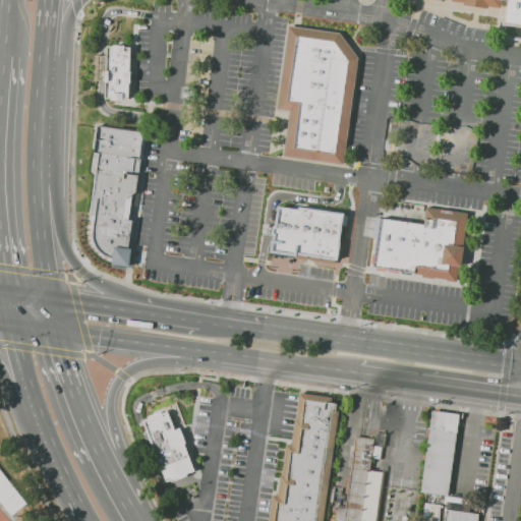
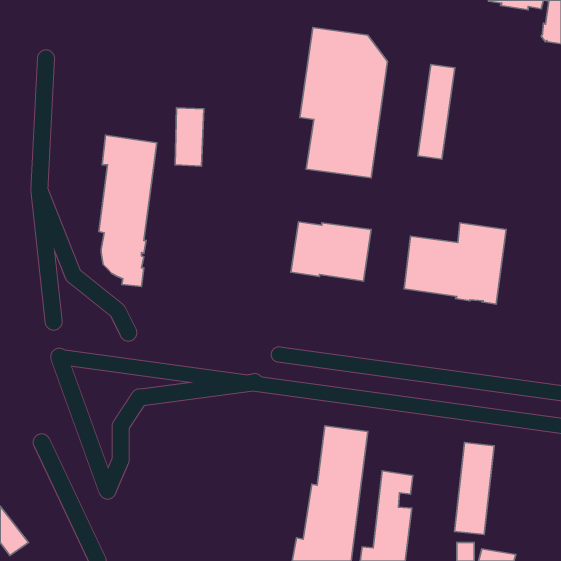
building: [105,45,131,99] -> [175,108,204,166]
building: none -> [418,65,455,159]
building: [146,412,196,482] -> none

